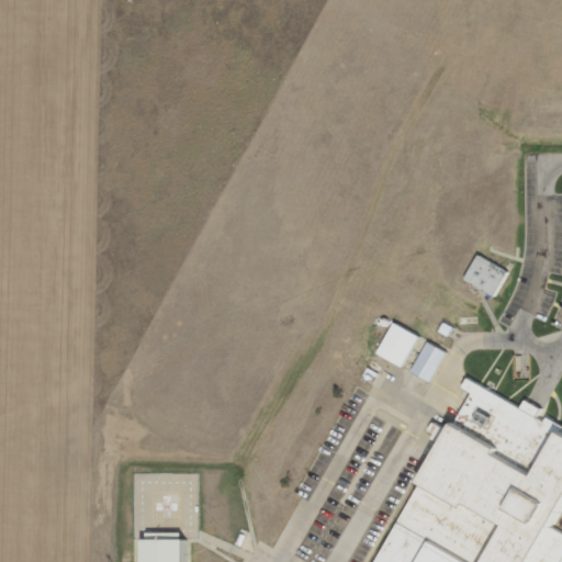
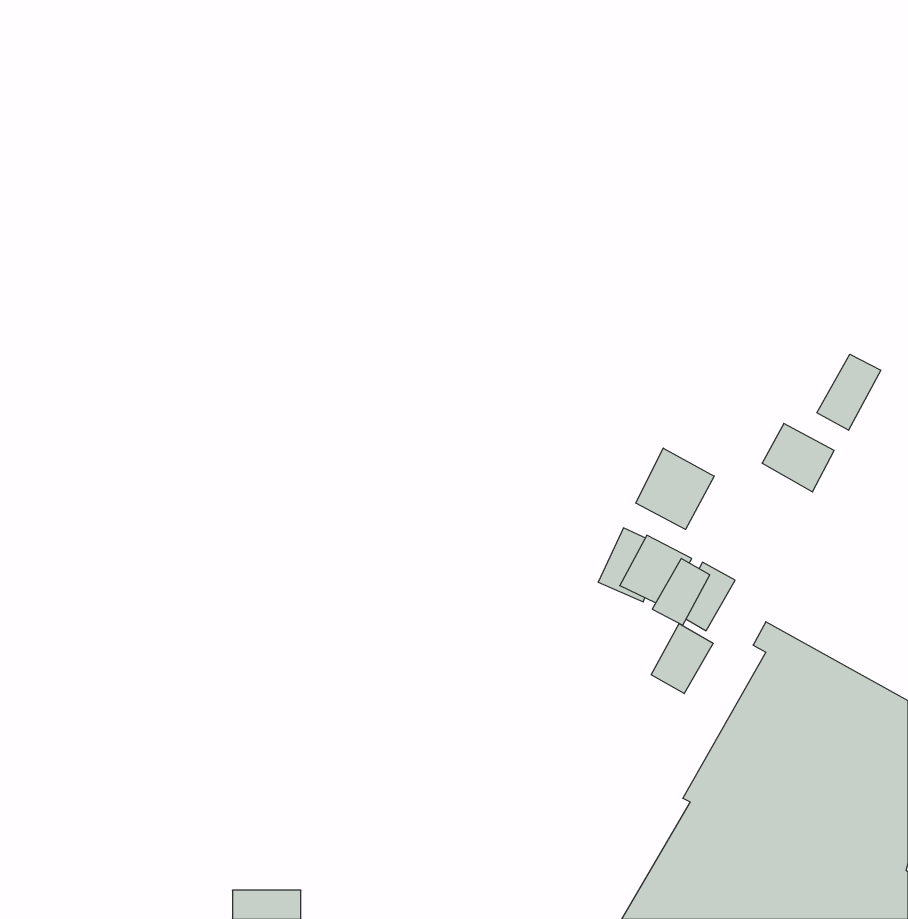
building: none -> [817,354,881,430]
building: none -> [636,448,714,529]
building: none -> [651,623,713,694]

